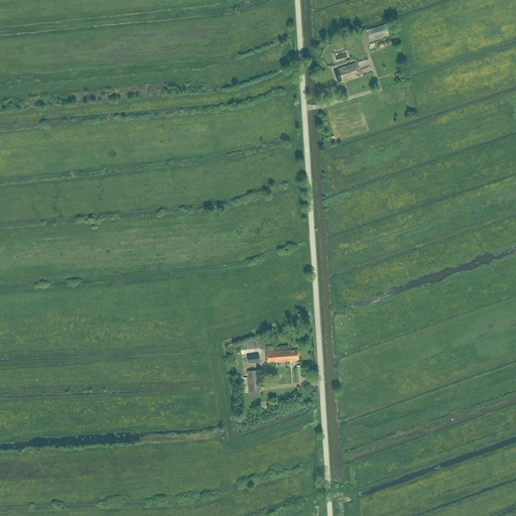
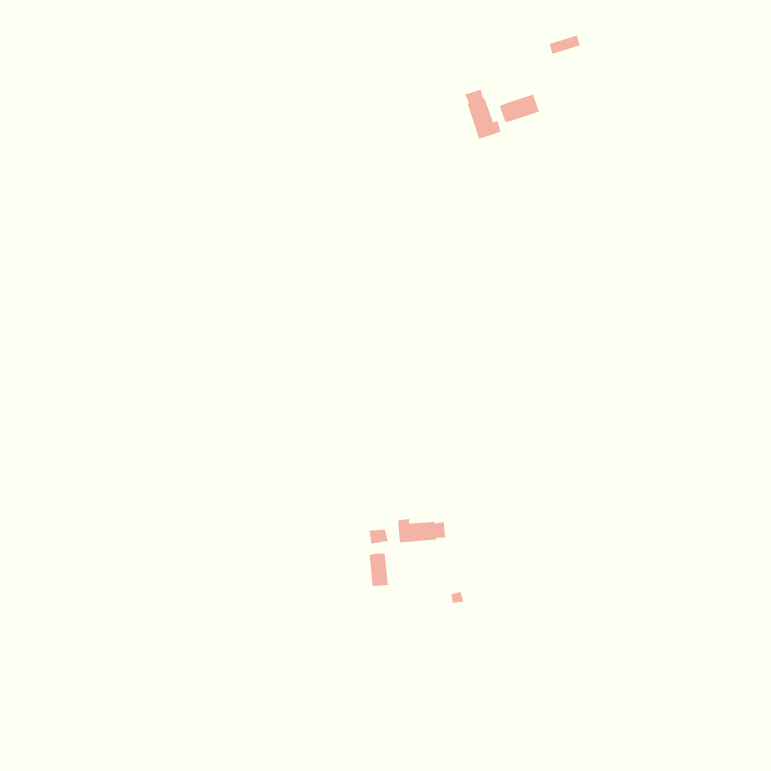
building: none -> [465,89,501,140]

